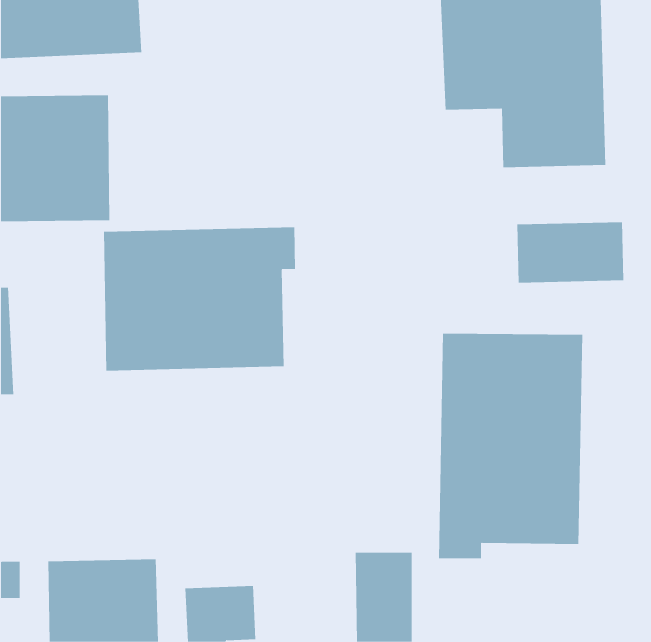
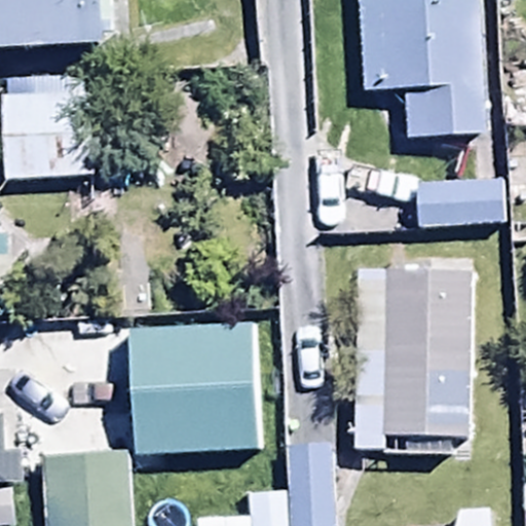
building: [103,227,295,371] -> none
building: none -> [133,324,259,453]

